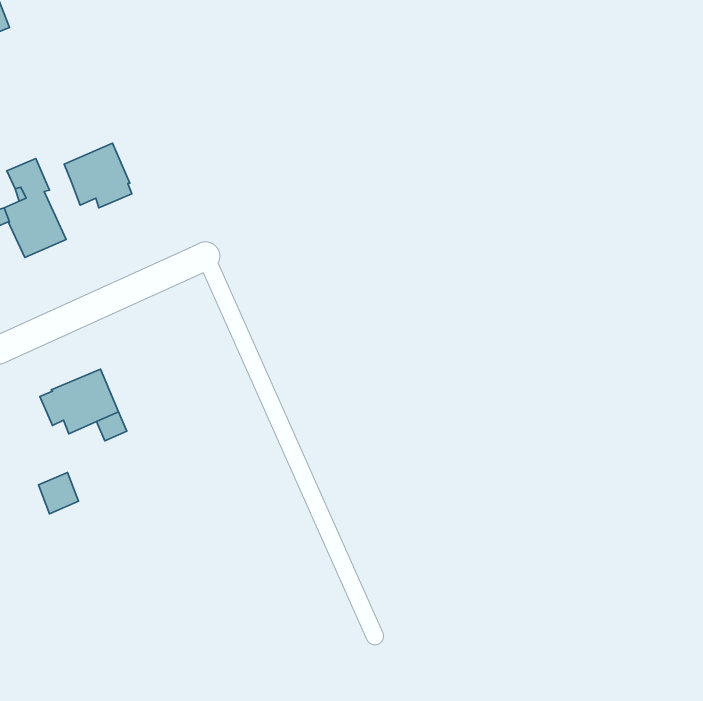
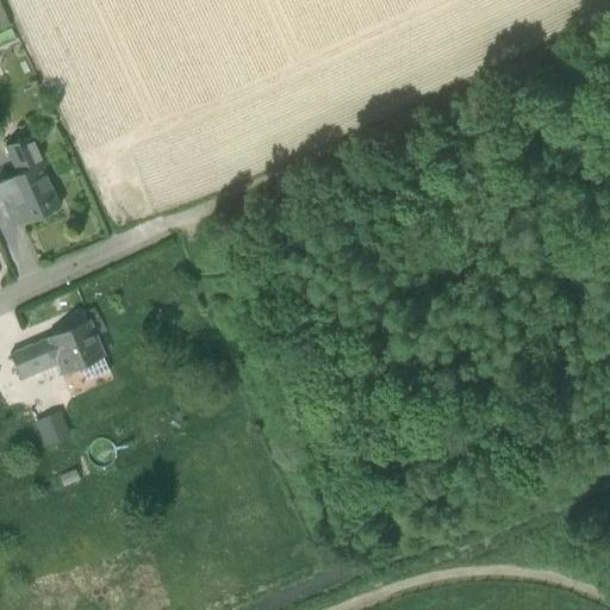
building: [64,143,132,208] -> none
building: none -> [8,346,45,381]

